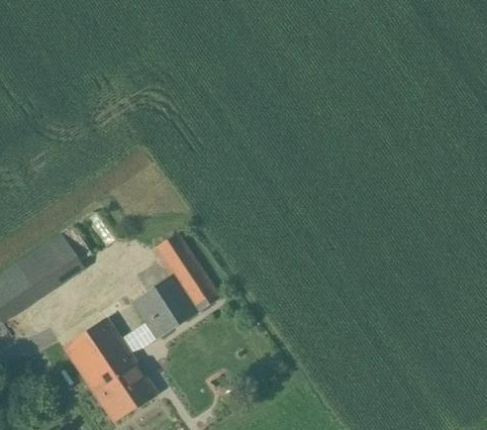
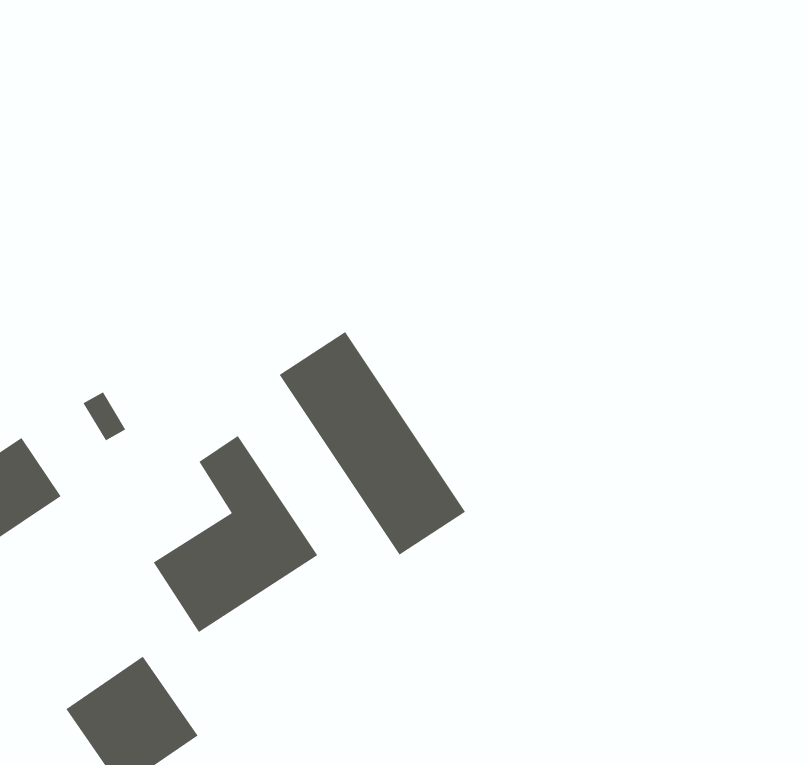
building: none -> [279,331,466,556]
building: [64,318,126,379] -> none

